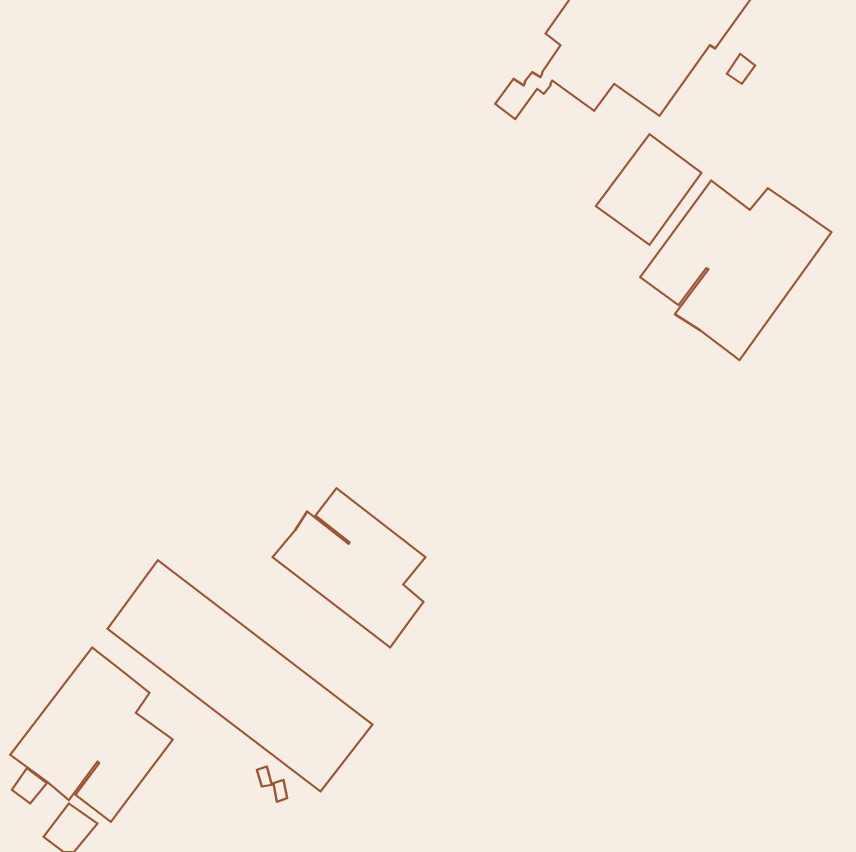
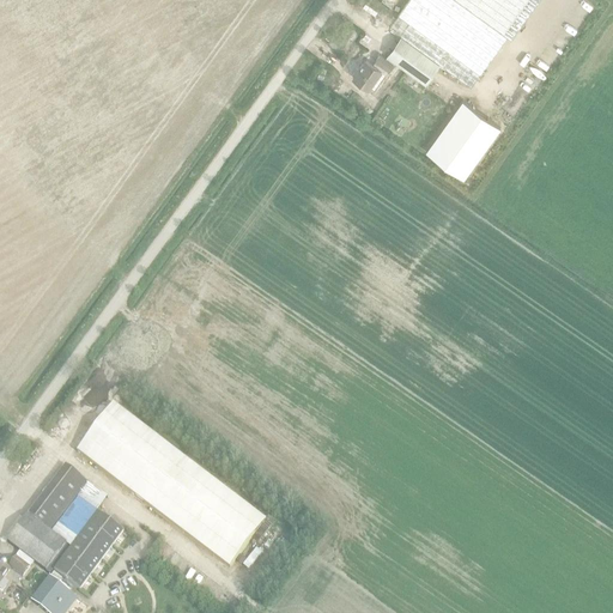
building: [640,180,832,360] -> none
building: [273,488,426,647] -> none

